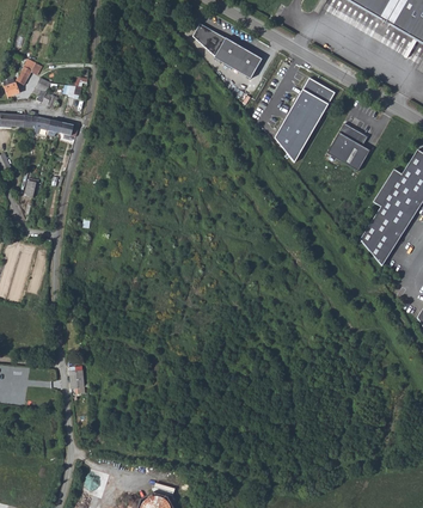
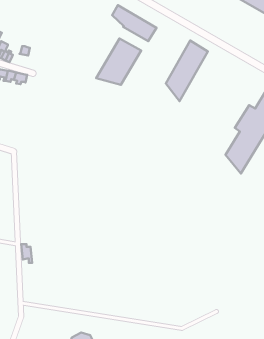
building: none -> [96,38,141,85]
building: [326,123,369,172] -> none

